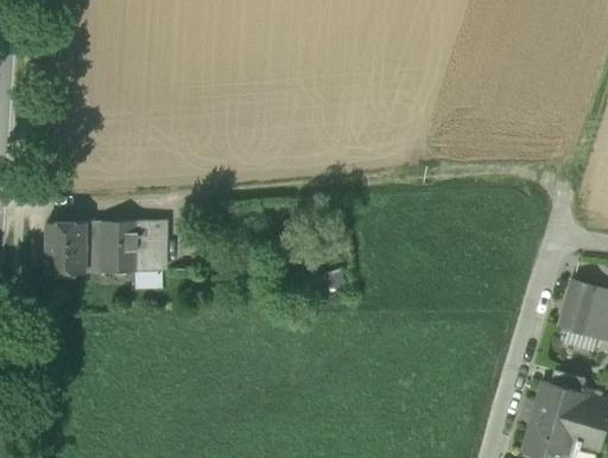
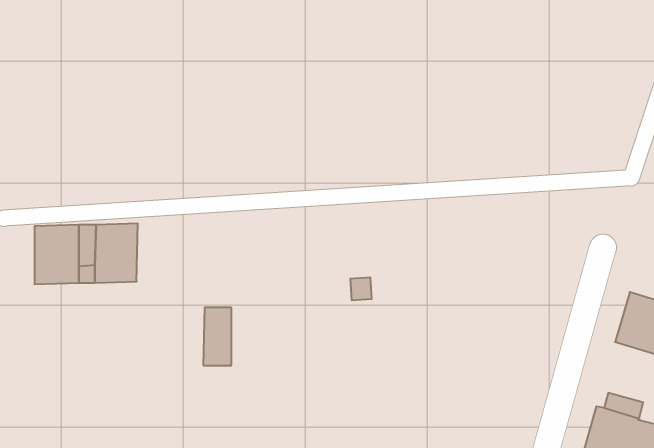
building: [137,221,162,272] -> [203,308,231,365]

